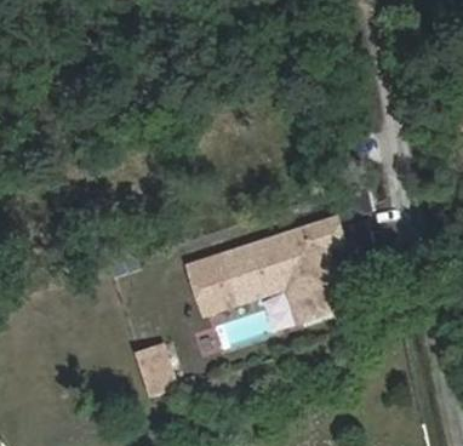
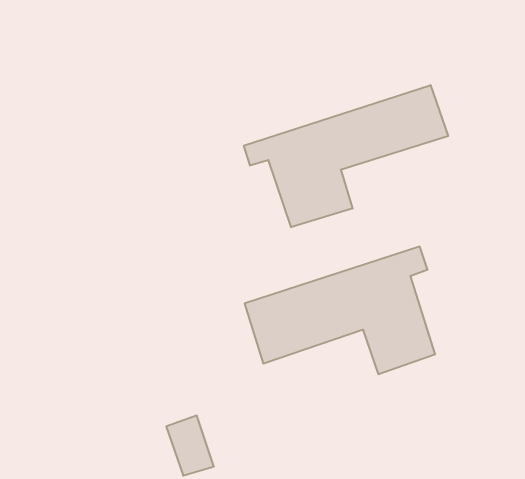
building: none -> [244,85,448,227]

